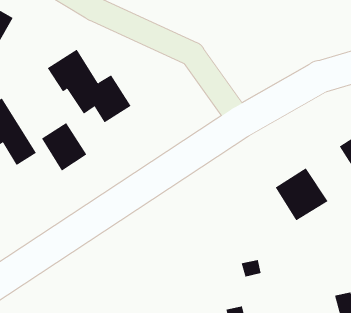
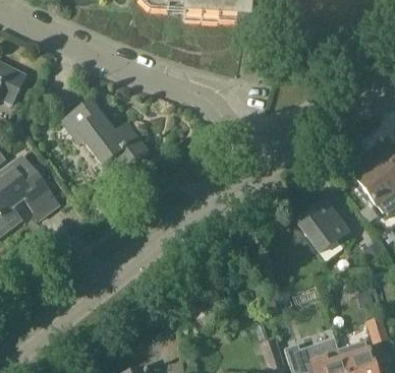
building: [41,122,87,171] -> none

